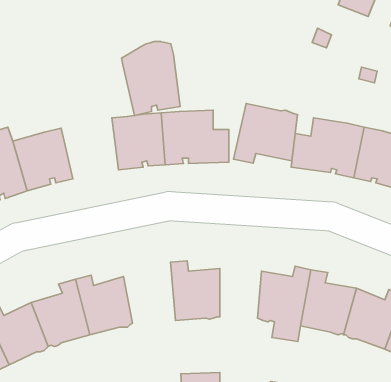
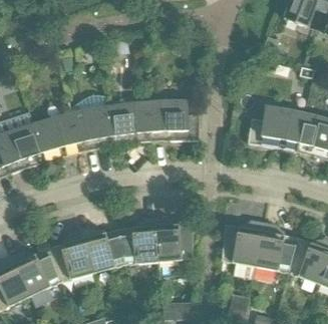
building: [122,41,180,115] -> [69,94,114,151]
building: [233,104,298,163] -> none
building: none -> [118,216,158,264]

